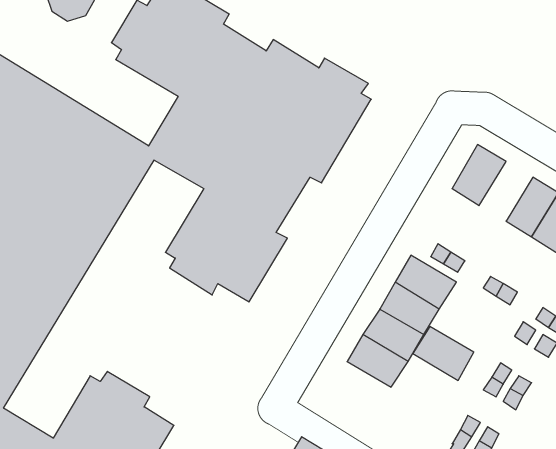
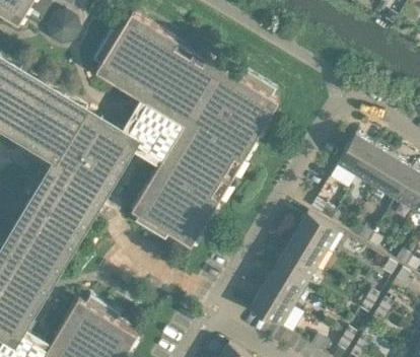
building: none -> [356,145,395,188]
building: [413,327,474,380] -> [250,288,293,327]

